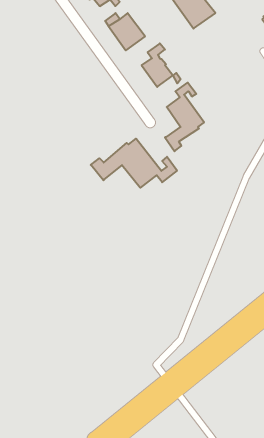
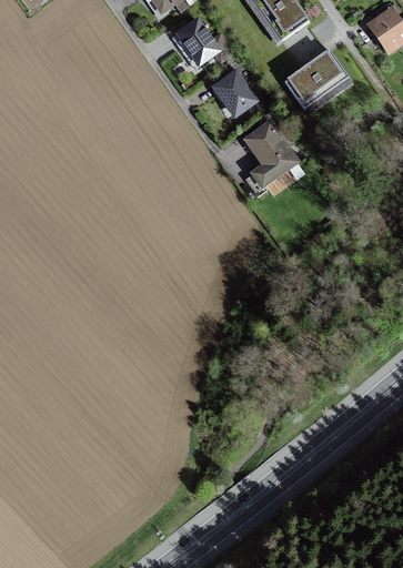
building: none -> [283,50,349,109]
building: [91,139,177,188] -> none

